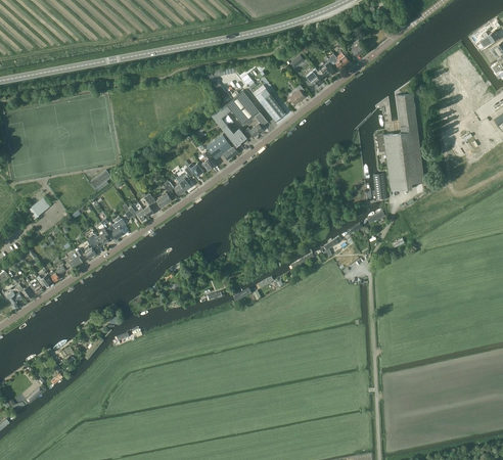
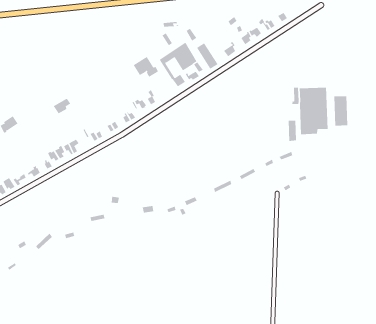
building: [396,93,416,131] -> [334,96,348,126]
building: [205,134,237,159] -> [133,56,159,77]

